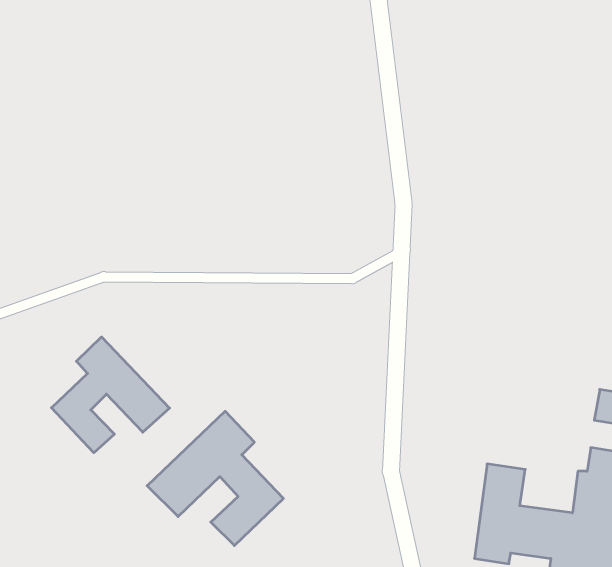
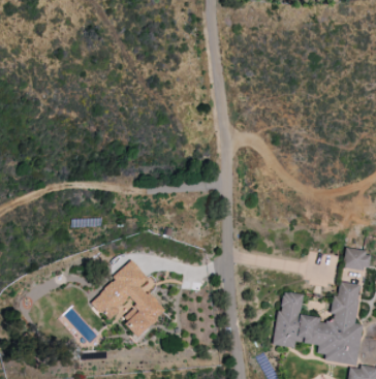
building: [51,337,170,453] -> none

